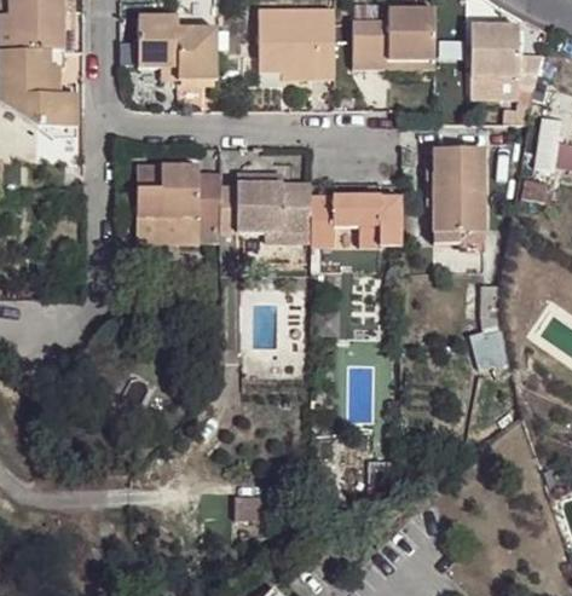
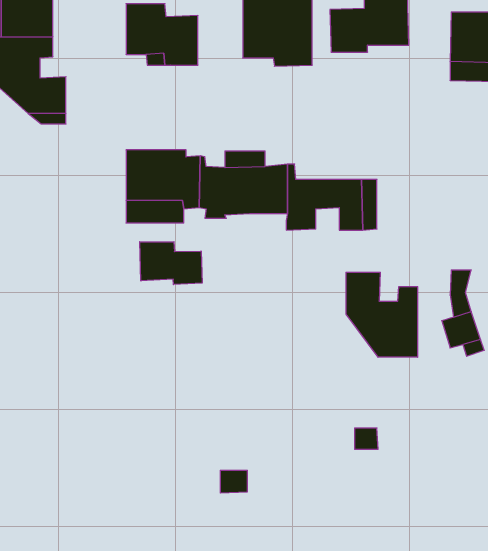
building: [435,147,485,232] -> none
building: none -> [140,242,202,285]
building: none -> [346,272,418,357]

